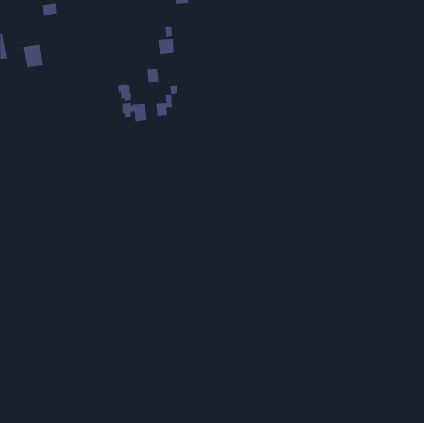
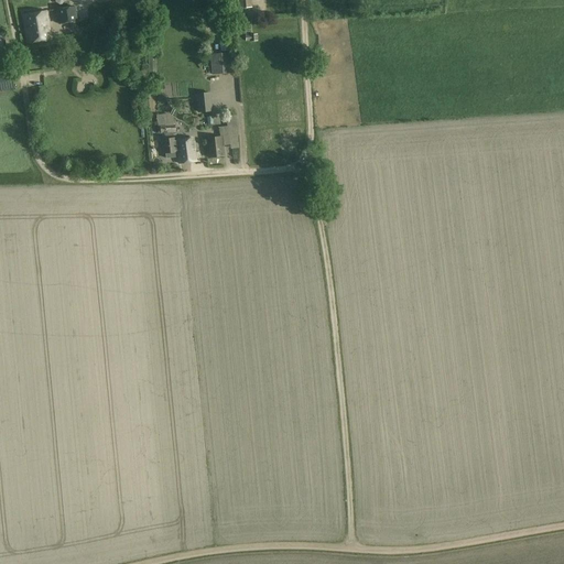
building: [23,44,43,68] -> [22,9,50,41]

